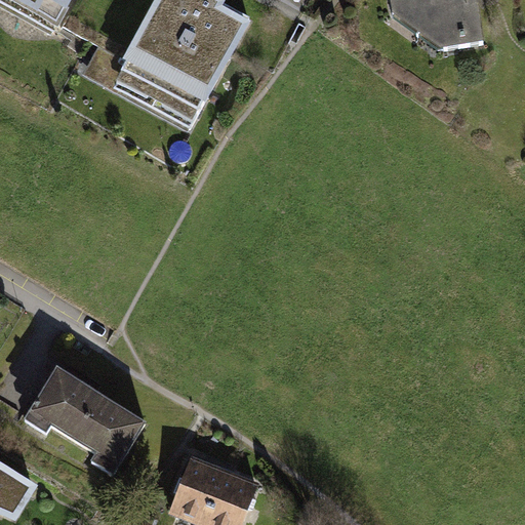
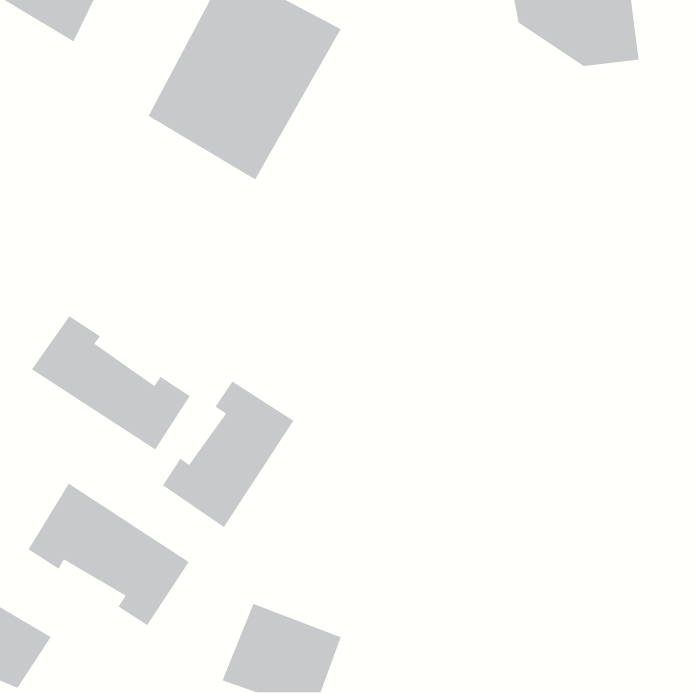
building: none -> [31,315,191,451]
building: none -> [162,380,294,528]

